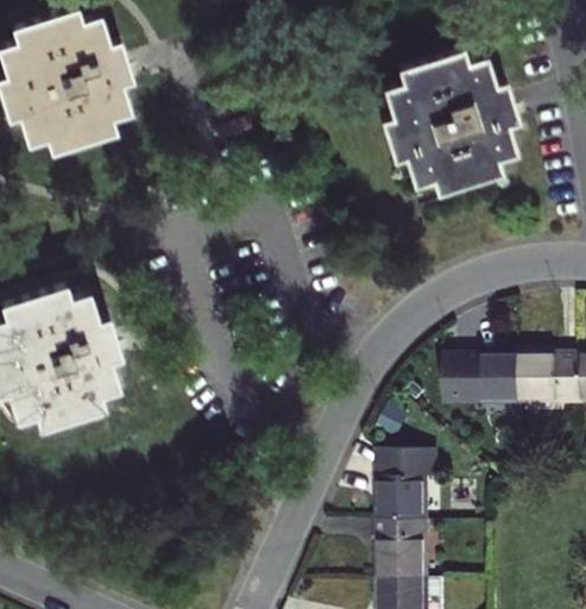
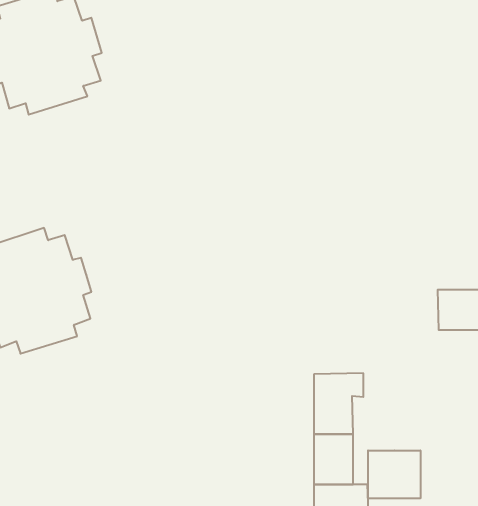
building: [383,52,518,197] -> none
building: [446,358,523,404] -> none
building: none -> [368,450,420,498]

